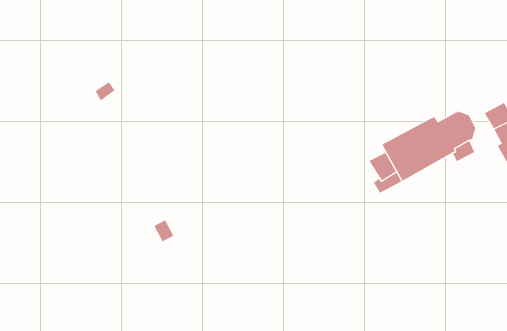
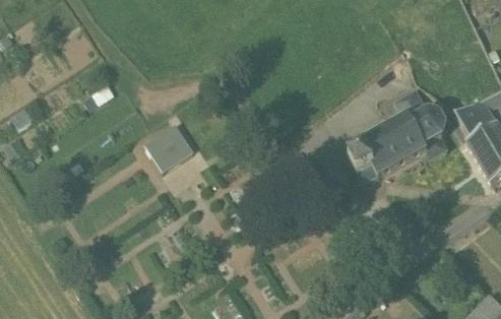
building: none -> [395,85,431,118]
building: none -> [145,123,194,171]

